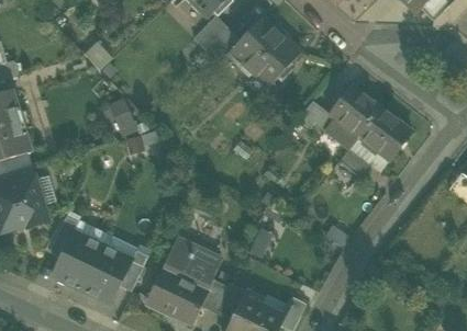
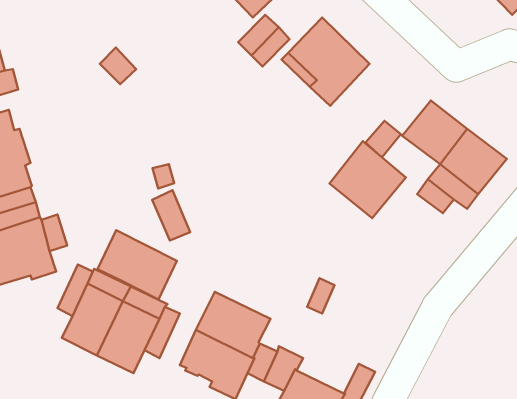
building: [107,96,137,137] -> [152,190,190,240]
building: none -> [329,141,406,218]
building: none -> [98,230,177,300]

